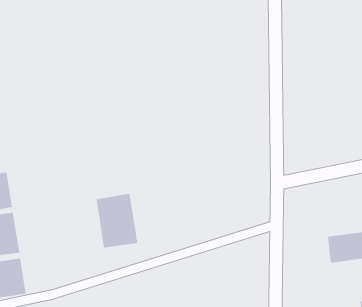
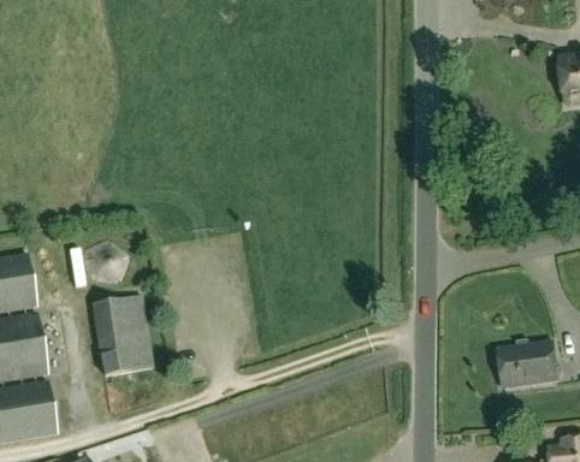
building: [96,193,138,248] -> [90,294,153,374]

